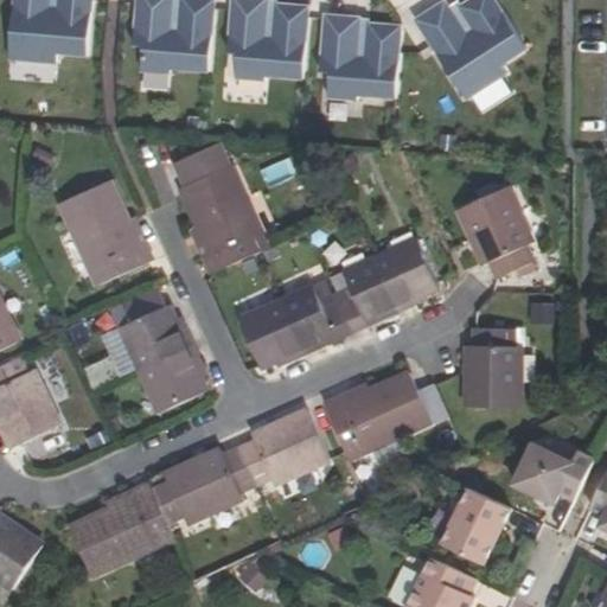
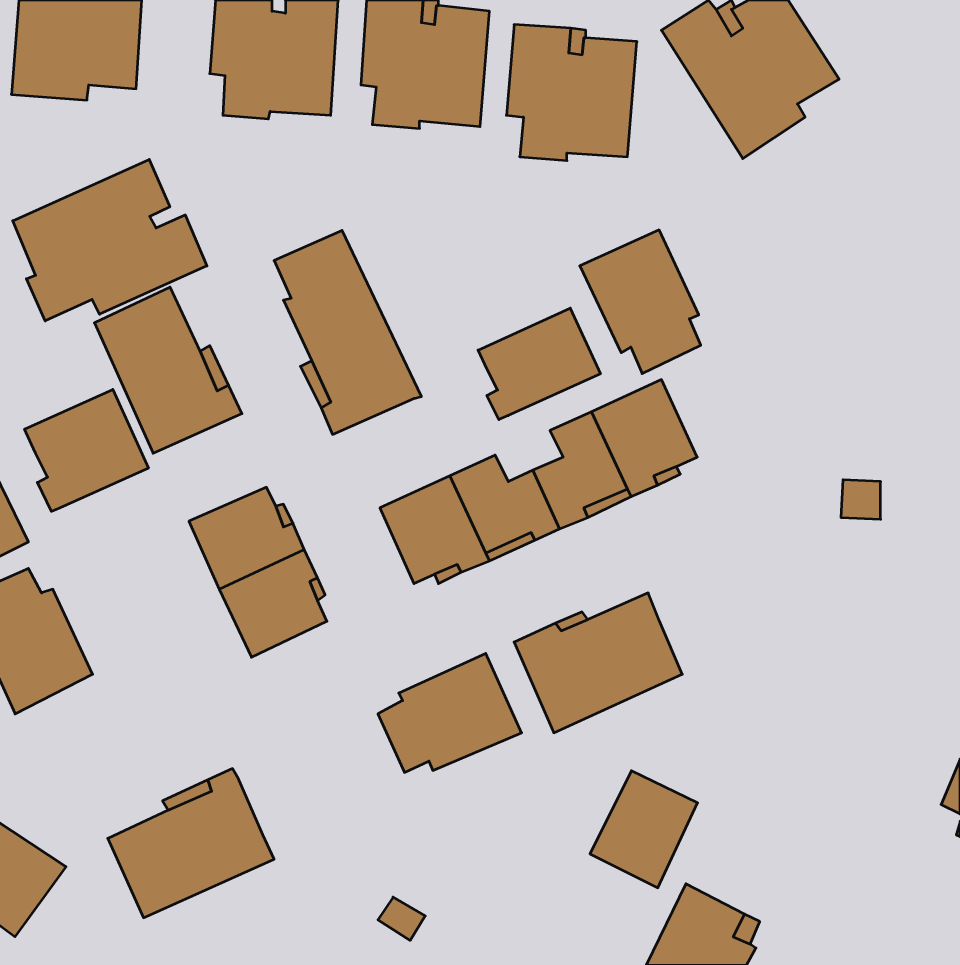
building: none -> [13,159,207,321]
building: [455,189,531,279] -> [580,230,701,374]
building: none -> [478,308,600,420]
building: none -> [25,389,148,511]
building: [462,328,519,407] -> none
building: [515,441,593,499] -> none
building: [149,448,254,524] -> none
building: [441,487,509,561] -> [590,771,698,888]

